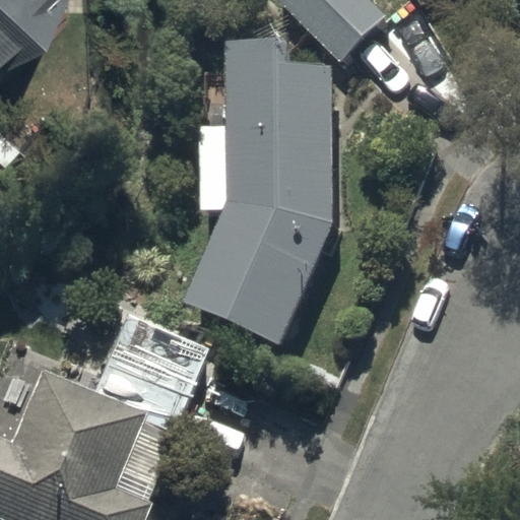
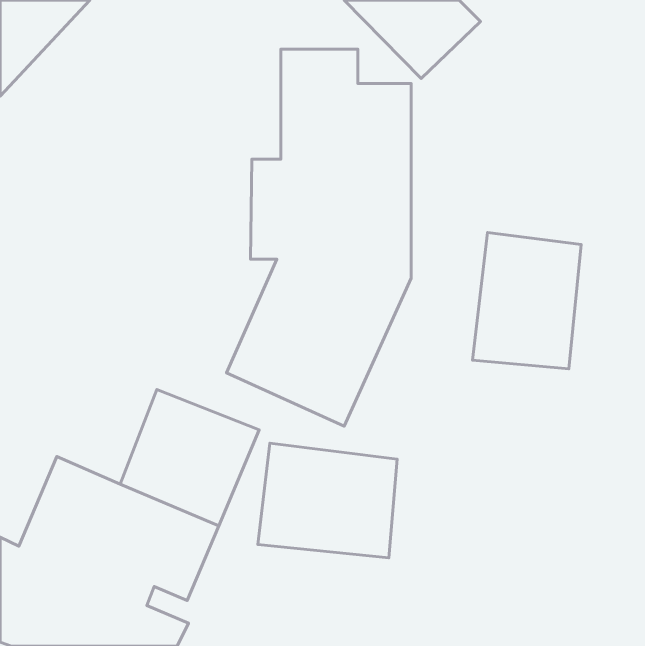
building: none -> [472,232,581,369]
building: none -> [258,443,397,558]

